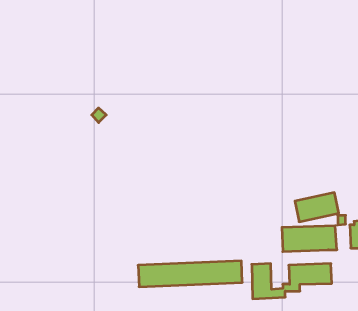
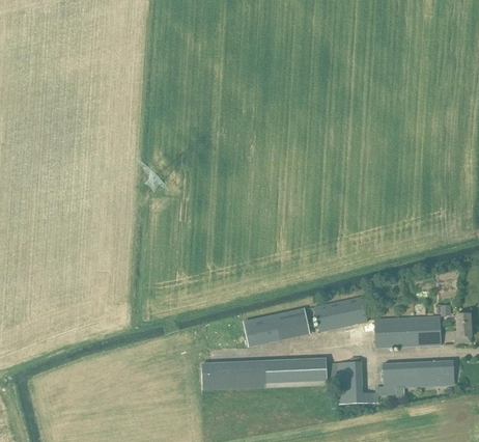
building: [295,193,339,222] -> [314,296,367,331]
building: none -> [243,307,310,346]
building: none -> [433,360,453,385]

